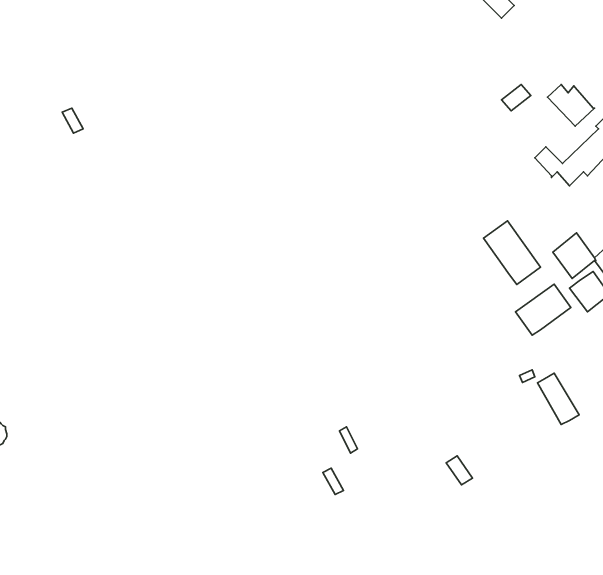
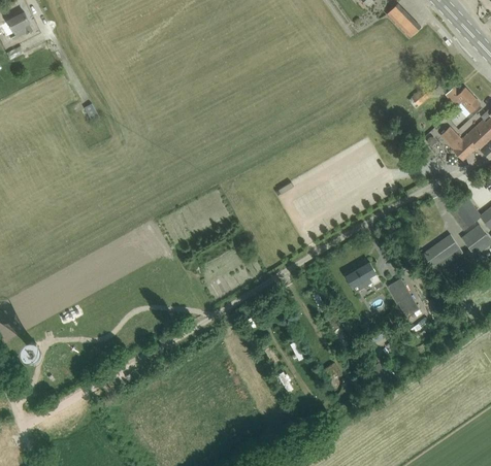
building: [484,221,541,284] -> none
building: none -> [348,262,383,292]
building: [538,373,579,425] -> [389,278,420,317]

